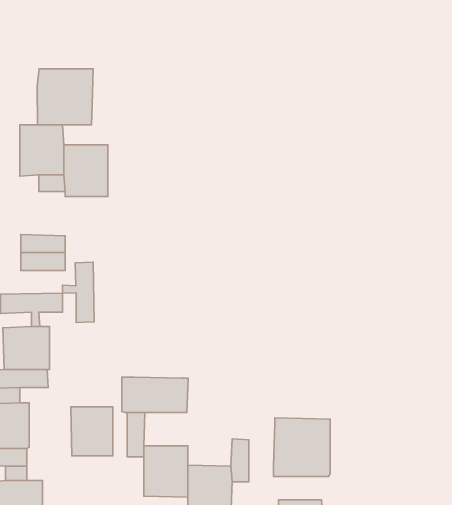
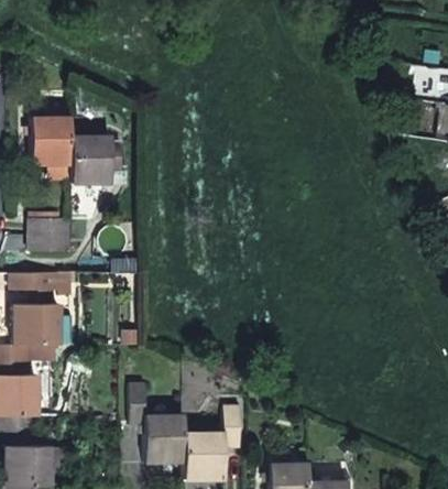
building: [37,69,93,125] -> none
building: [62,262,94,323] -> none
building: [122,377,188,413] -> none
building: [71,407,113,456] -> none
building: [273,418,330,476] -> none

